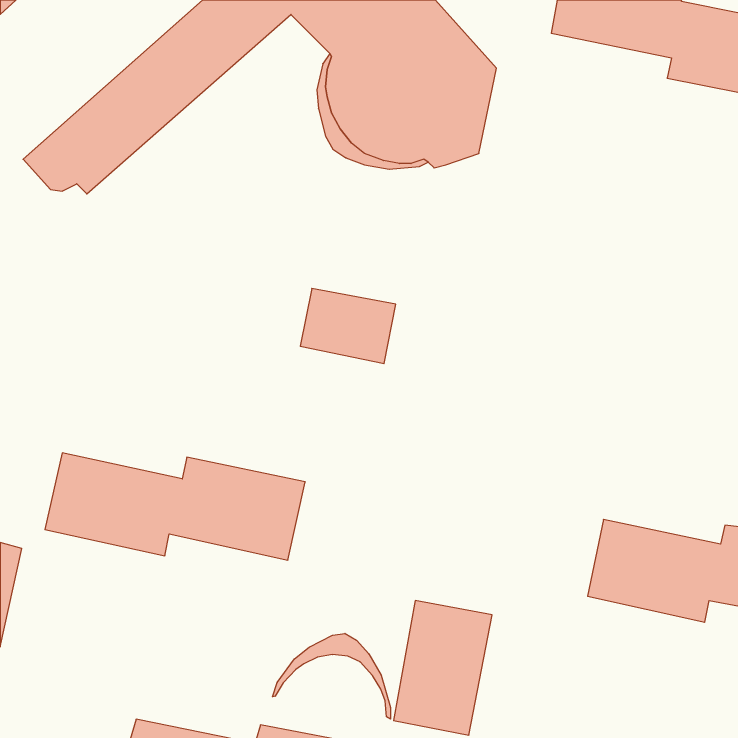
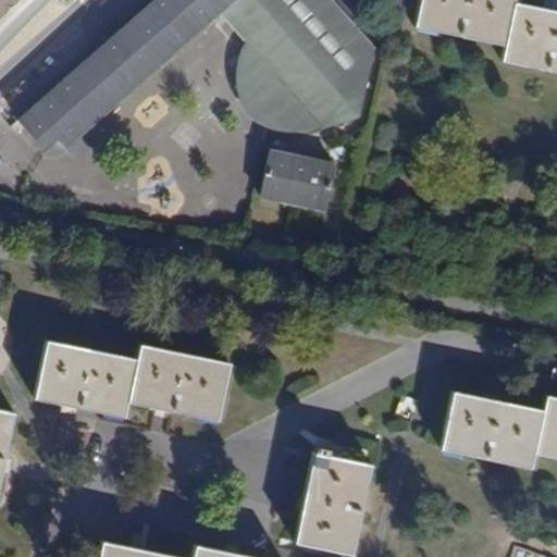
building: [300,288,396,364] -> [262,152,334,209]
building: [272,633,390,719] -> none

